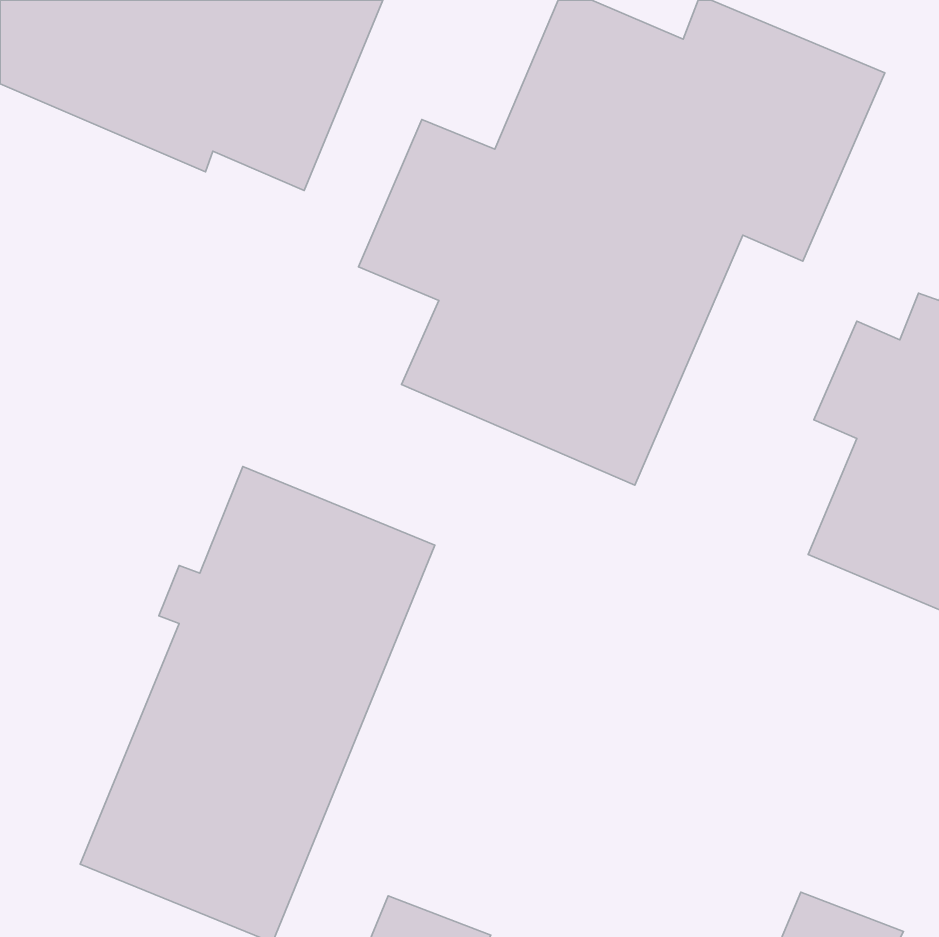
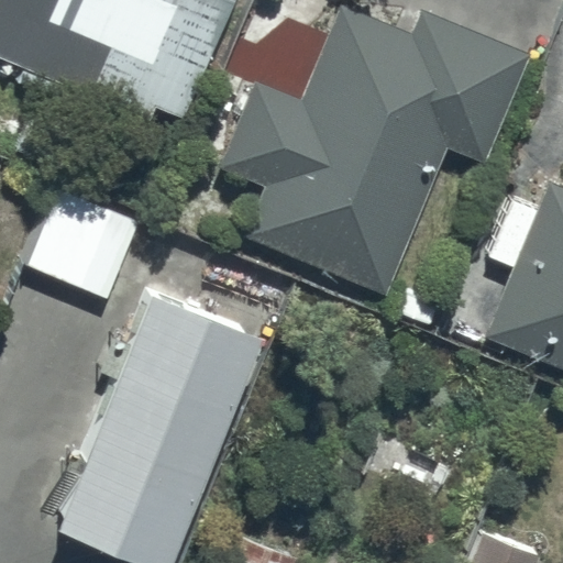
building: none -> [27,189,142,300]

